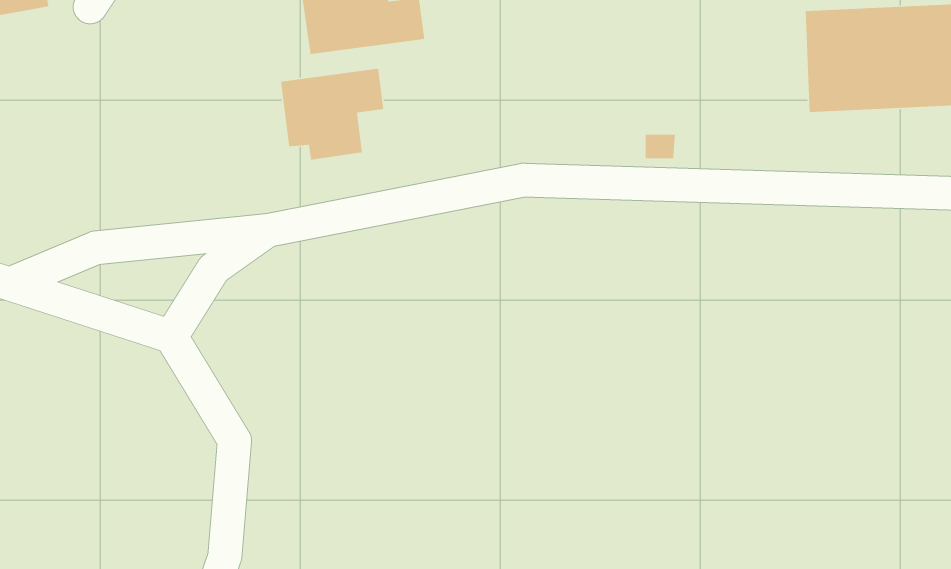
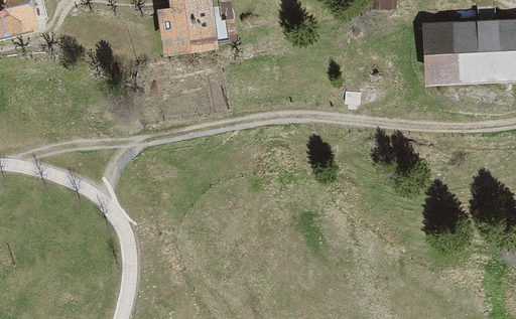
building: [280,68,384,160] -> none

